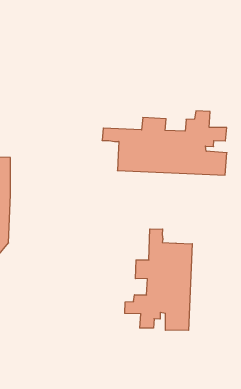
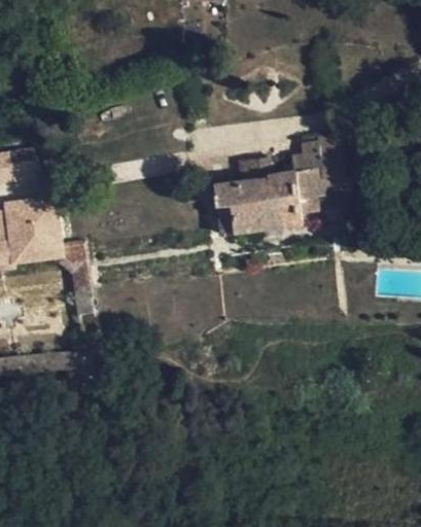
building: [125,229,192,330] -> none

